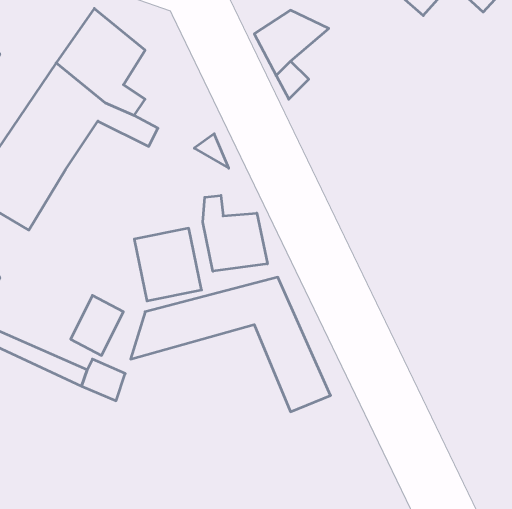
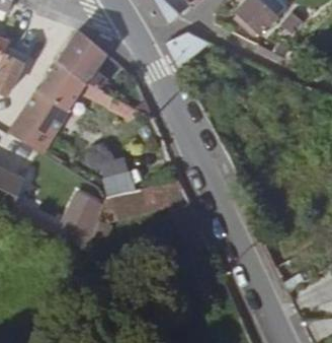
building: [203,195,267,271] -> none

